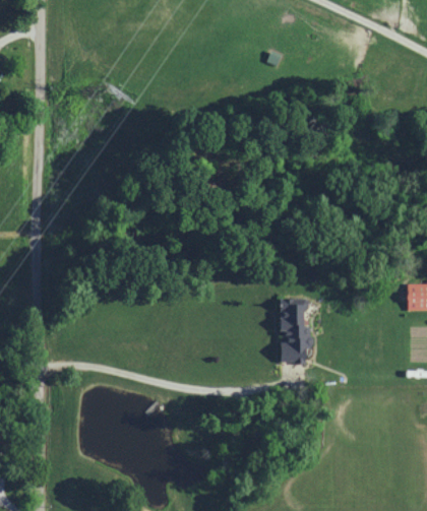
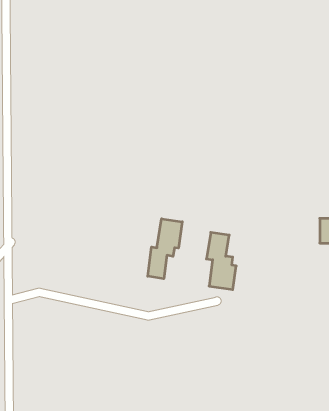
building: none -> [148,219,182,279]

